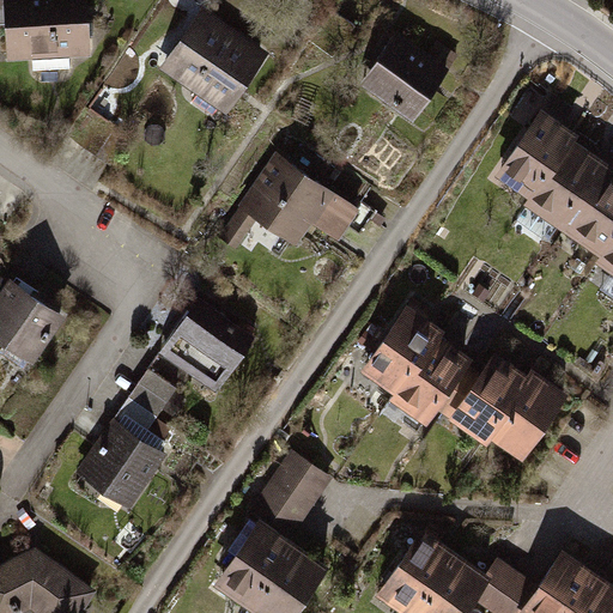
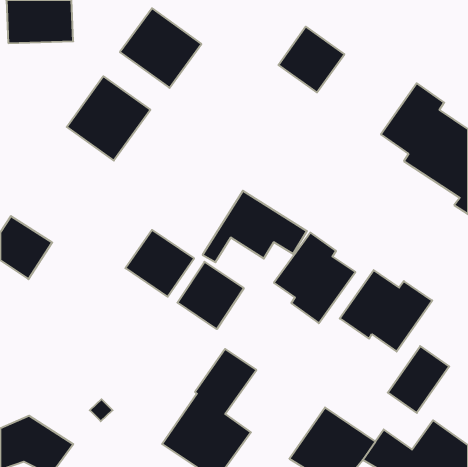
building: none -> [67,76,150,161]
building: [216,156,352,249] -> [203,191,307,262]
building: none -> [177,262,244,329]
building: [80,365,180,503] -> none
building: none -> [388,346,449,413]

